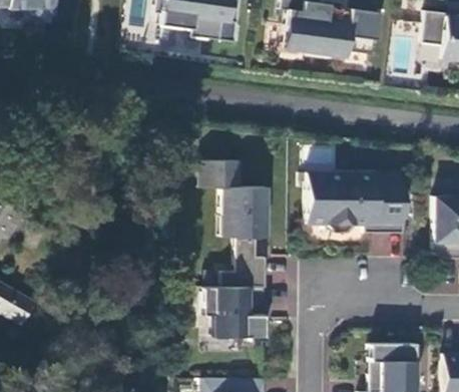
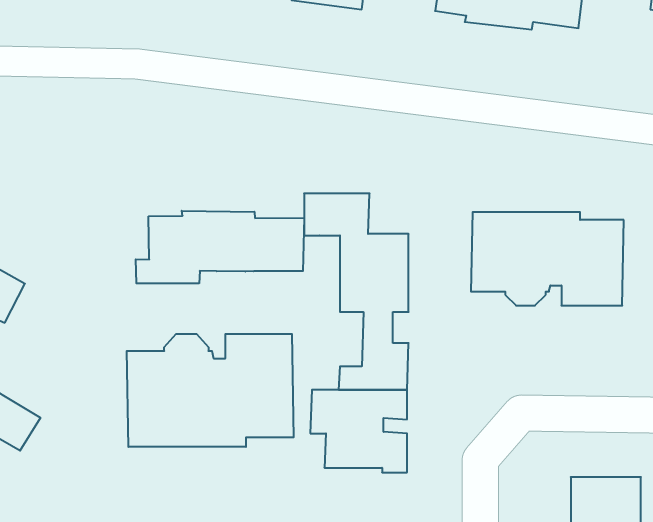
building: none -> [136,211,304,283]
building: none -> [127,334,294,447]

